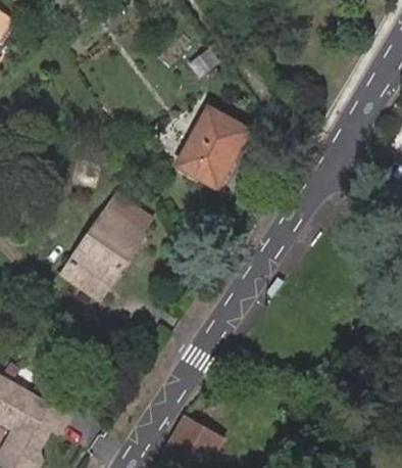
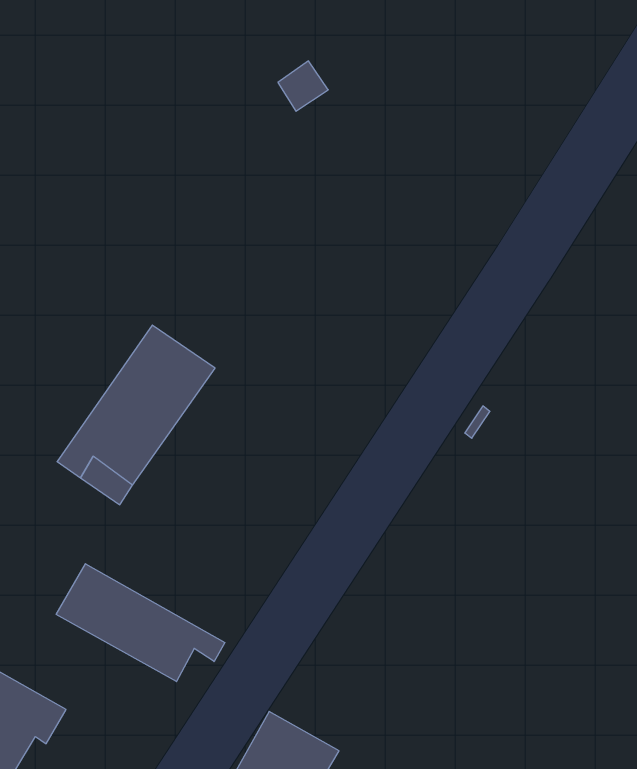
building: [178,109,248,186] -> none
building: none -> [56,564,225,682]

